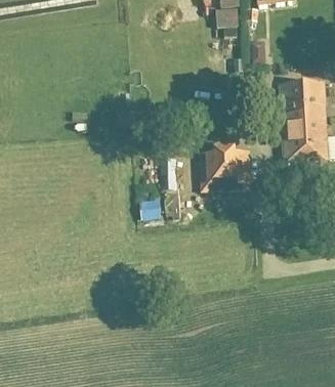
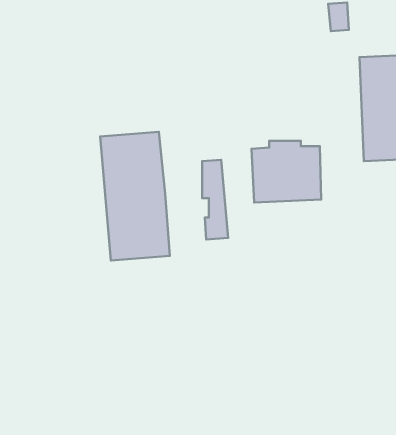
building: none -> [100,132,170,261]

